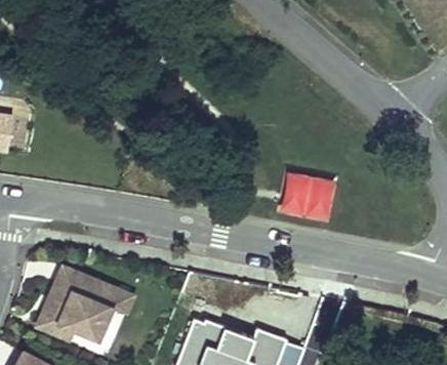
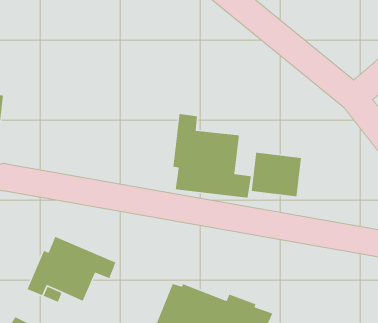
building: none -> [172,113,252,199]

